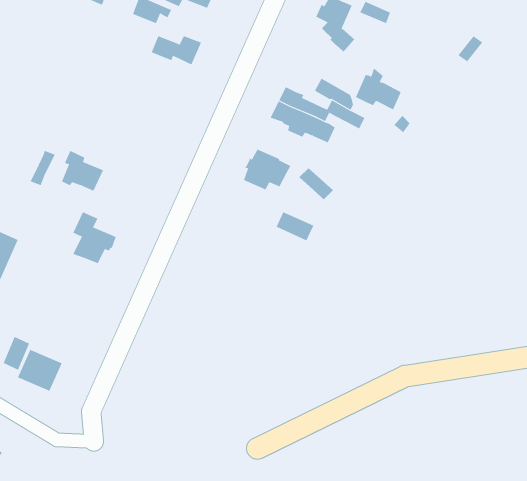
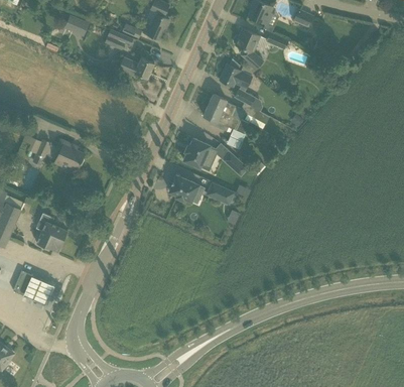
building: [355,67,402,110] -> [220,58,253,89]
building: none -> [167,172,205,203]
building: [73,211,117,264] -> [36,213,68,250]

